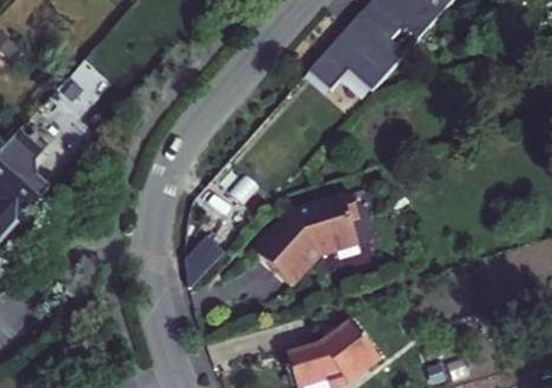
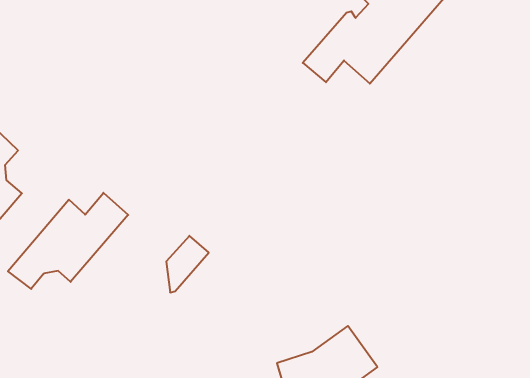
building: [257,190,358,281] -> none
building: none -> [8,193,128,289]

